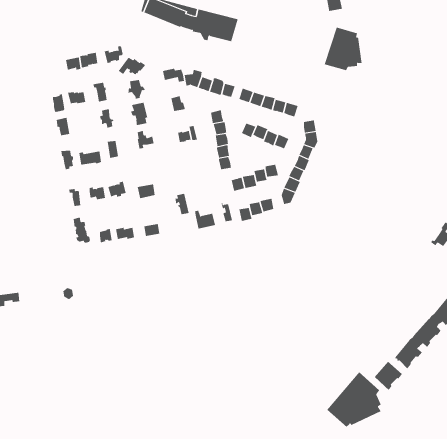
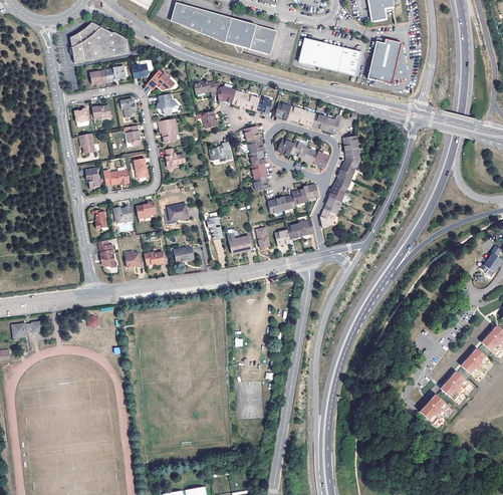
building: none -> [68,19,128,59]
building: none -> [300,38,360,74]
building: [327,372,382,428] -> none

